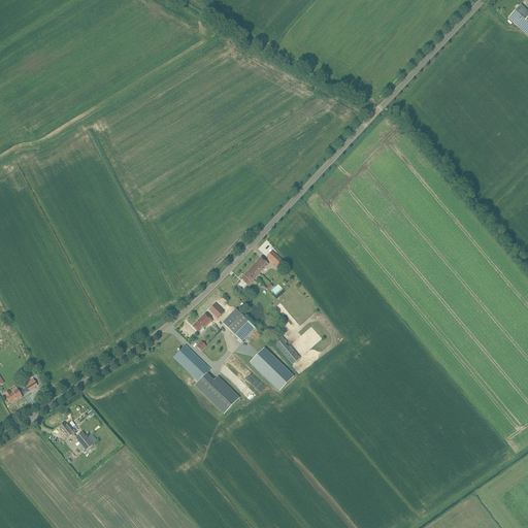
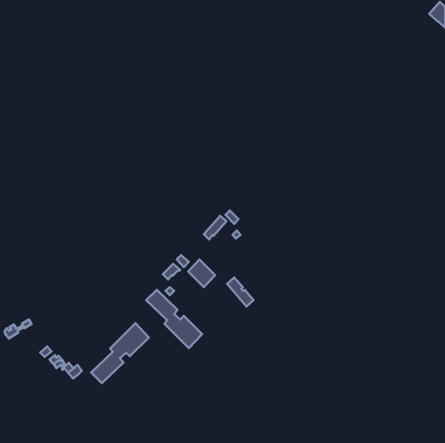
building: [251,348,296,391] -> none
building: none -> [91,323,149,383]

